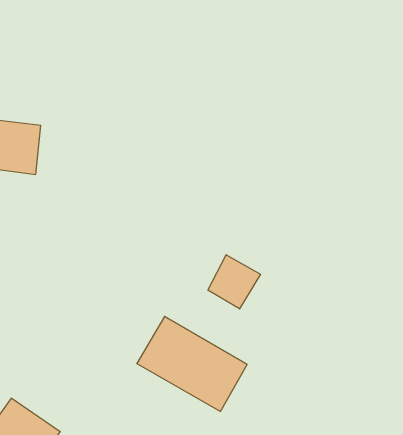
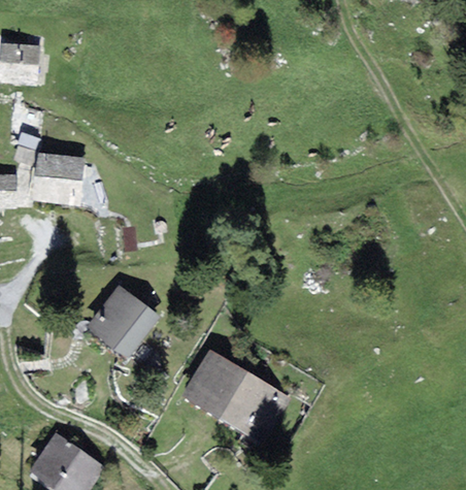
building: none -> [87,285,160,359]
building: [208,255,260,309] -> none

